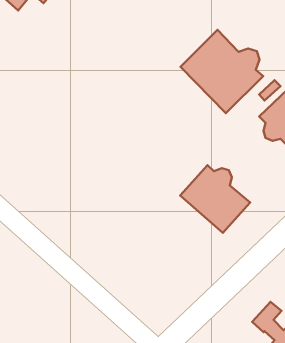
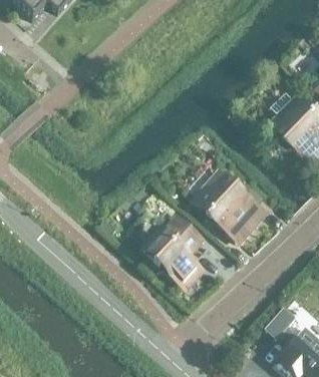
building: [180,30,263,113] -> none
building: none -> [145,216,200,284]

